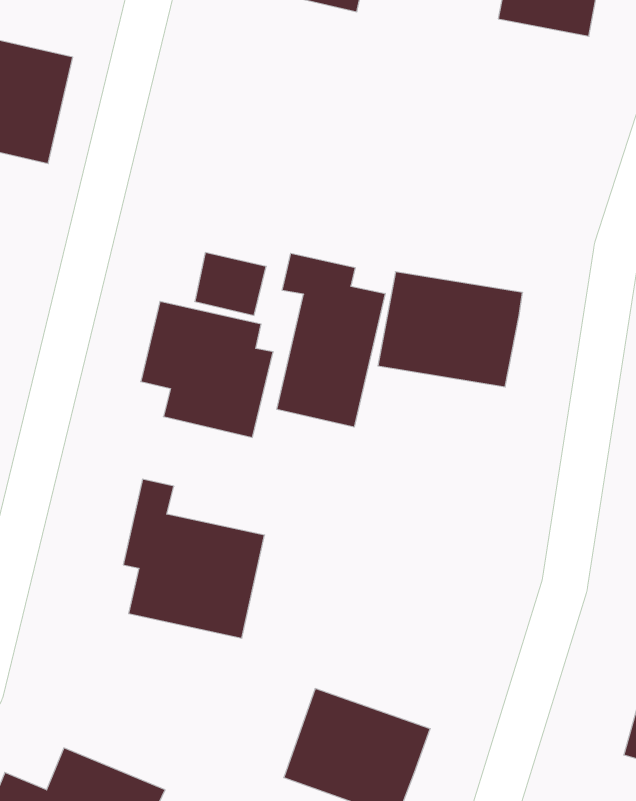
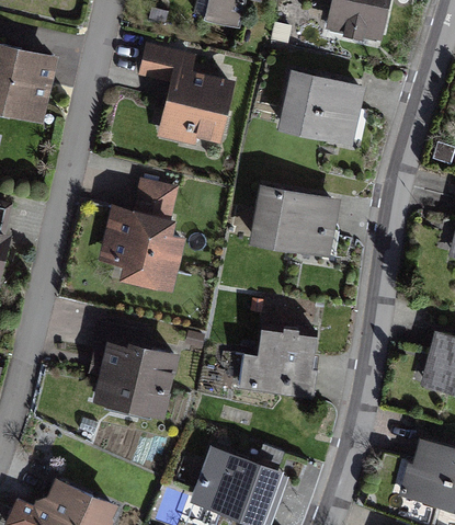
building: none -> [140,44,234,145]
building: none -> [277,68,363,142]
building: [277,253,385,427] -> none
building: none -> [239,327,321,397]

